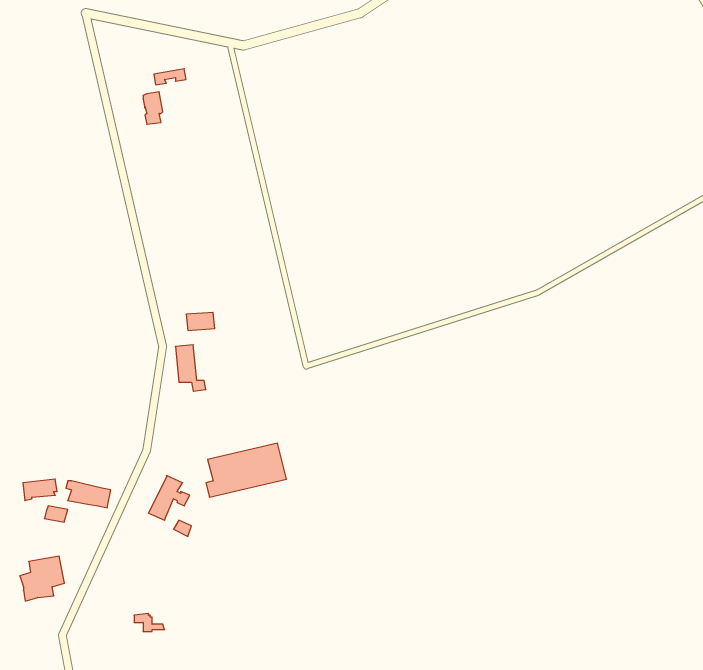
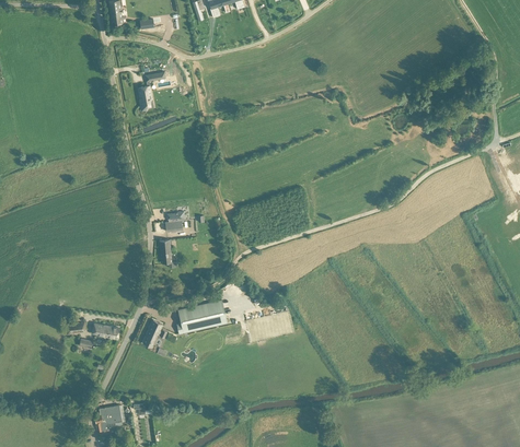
building: [20,556,65,601] -> [93,404,120,432]

